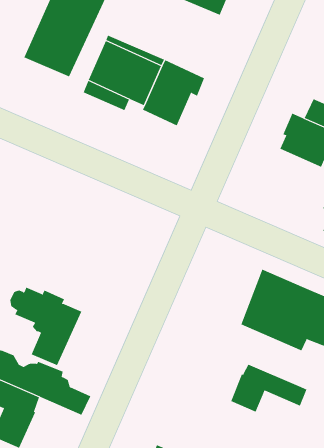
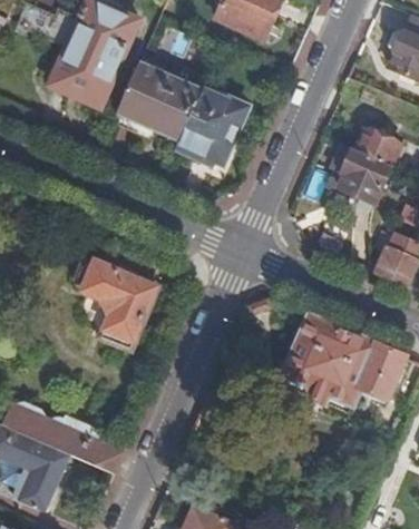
building: [9,287,82,366] -> [76,261,155,346]
building: [231,364,307,412] -> none

